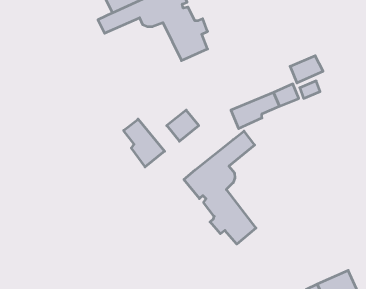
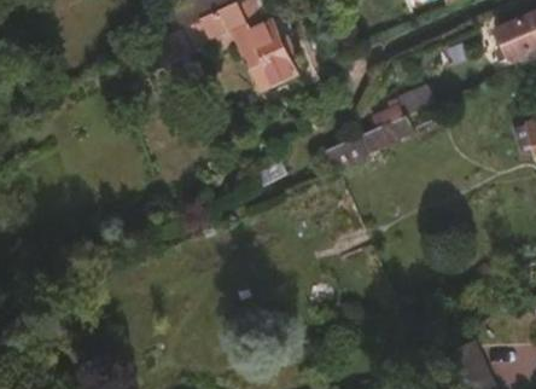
building: [124,119,165,167] -> none
building: [184,131,256,244] -> none

